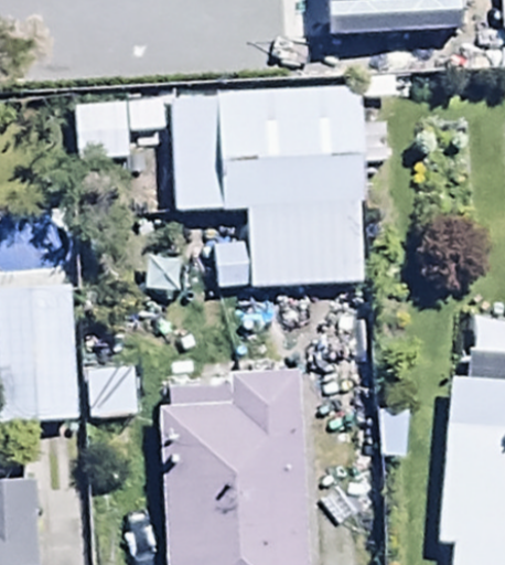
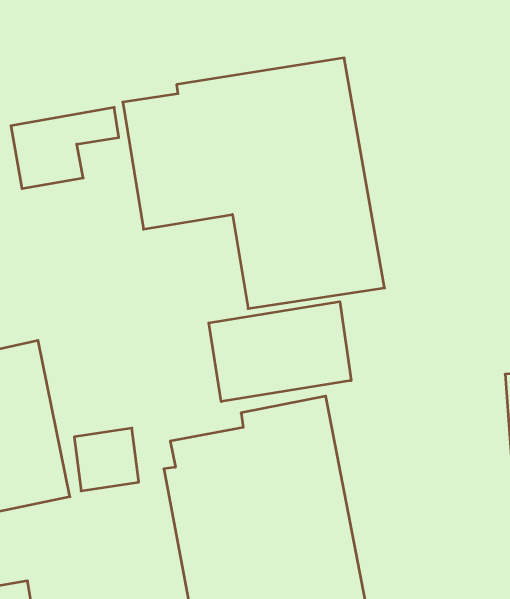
building: none -> [209,302,351,402]

